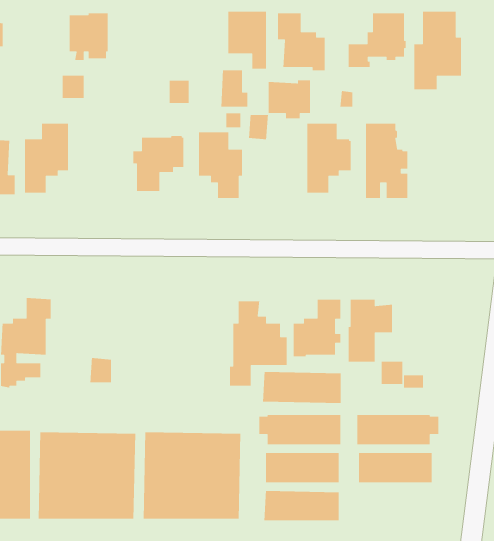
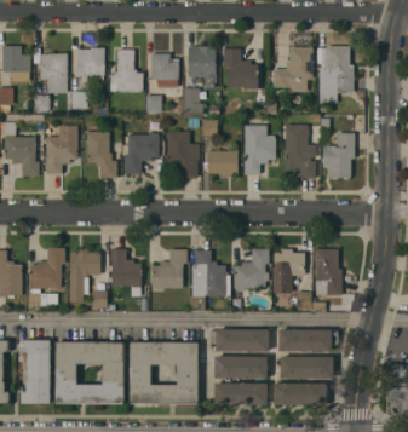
building: none -> [110,48,143,92]
building: none -> [150,52,178,86]
building: none -> [35,53,67,111]
building: [268,79,311,119] -> [207,149,237,177]
building: none -> [86,131,116,178]
building: none -> [322,132,354,178]
building: none -> [69,248,100,301]
building: none -> [109,248,140,296]
building: none -> [315,248,341,295]
building: none -> [151,249,186,289]
building: [262,371,341,404] -> [272,382,328,405]

